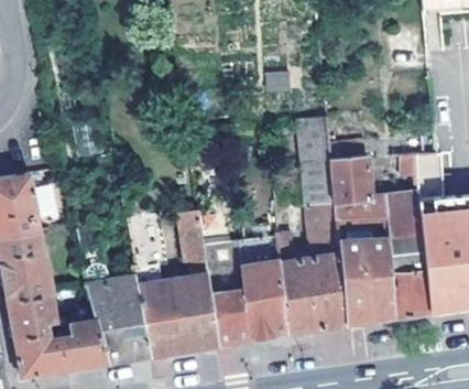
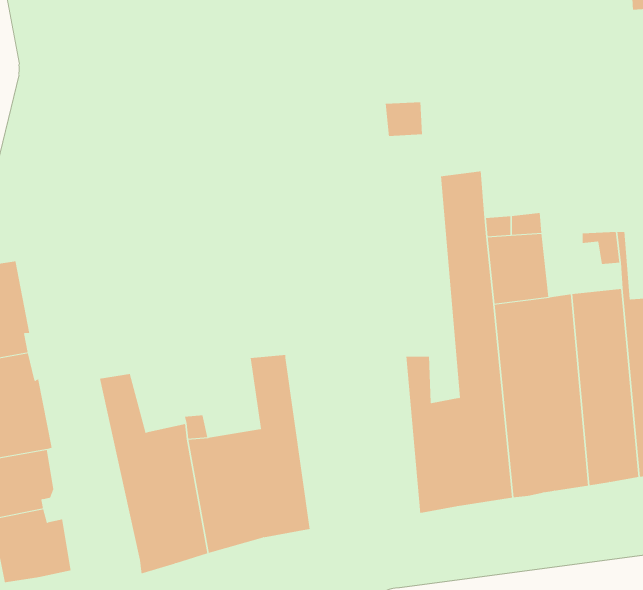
building: [201,226,286,345] -> none
building: [59,320,108,371] -> none

